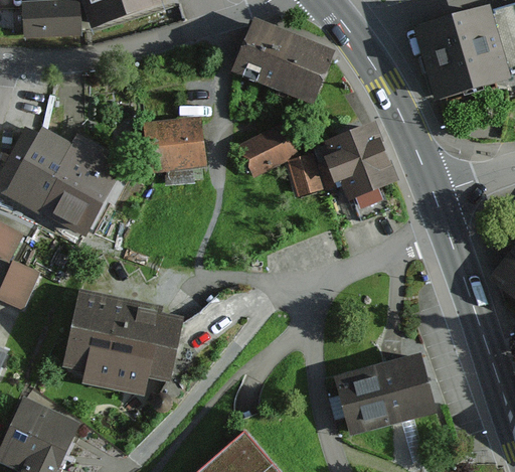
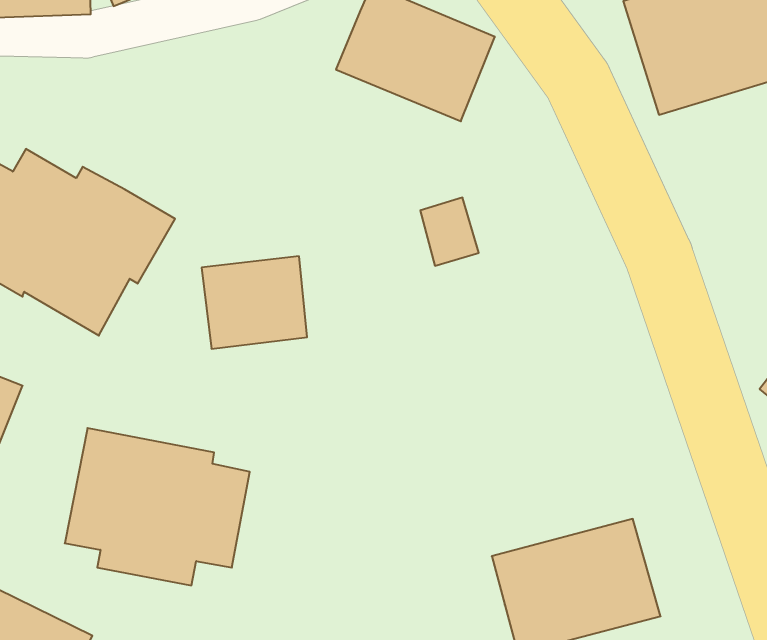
building: [141,114,206,171] -> [202,256,307,349]
building: [238,121,297,174] -> none
building: [315,125,396,218] -> none

